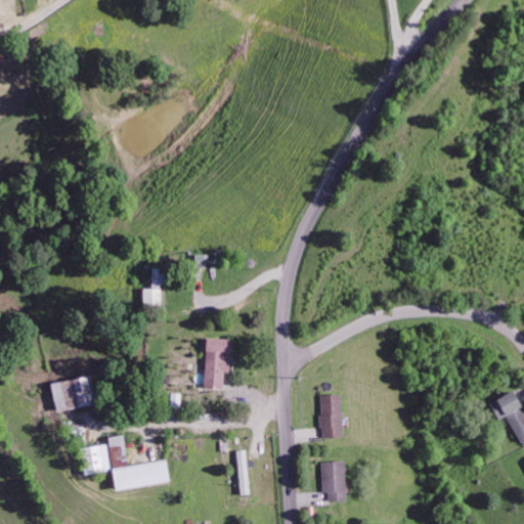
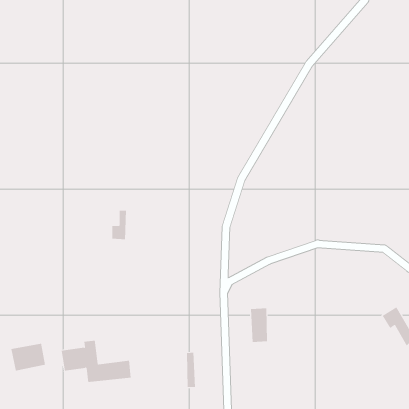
building: [204,339,231,389] -> none
building: [49,376,94,411] -> [11,343,46,371]
building: [322,462,346,501] -> none

